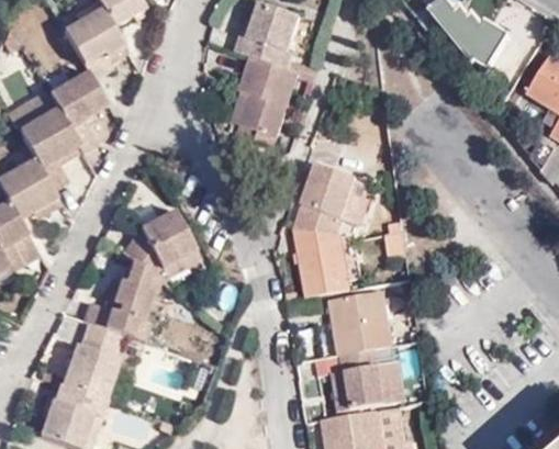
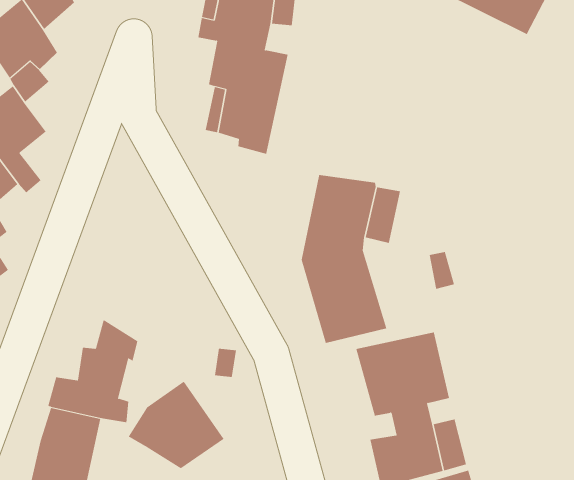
building: [122,210,197,278] -> [128,381,224,469]

